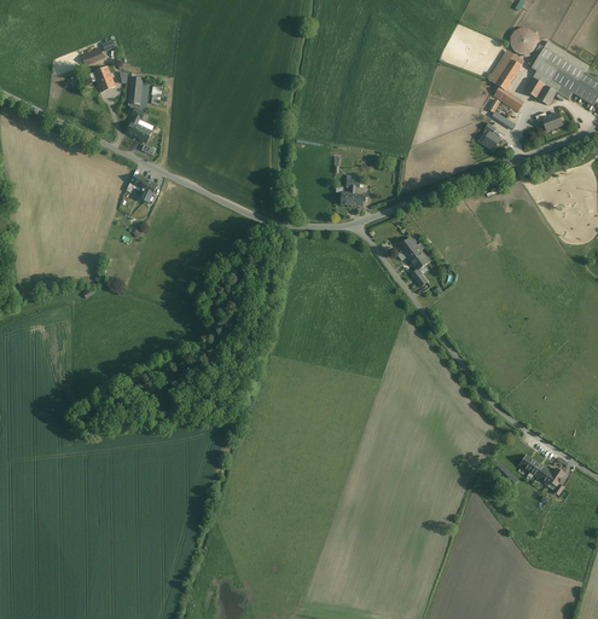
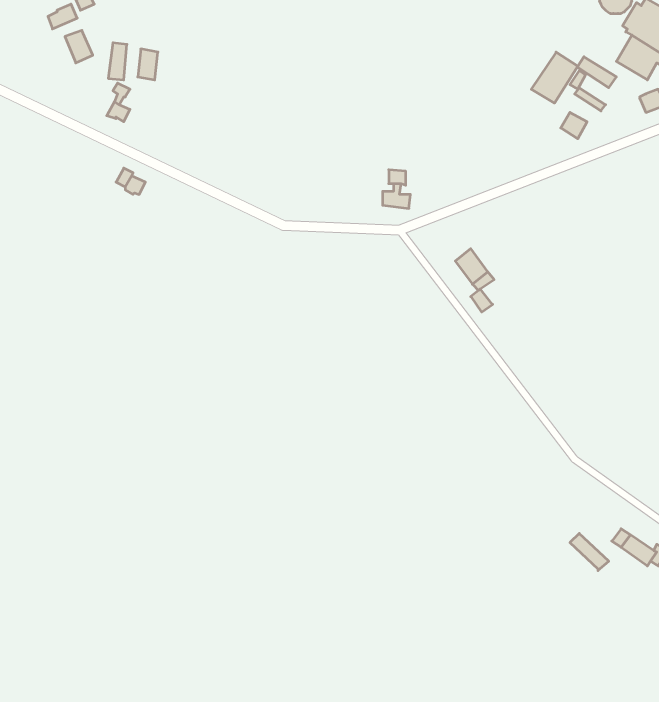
building: [488,50,524,89] -> [531,52,578,103]

